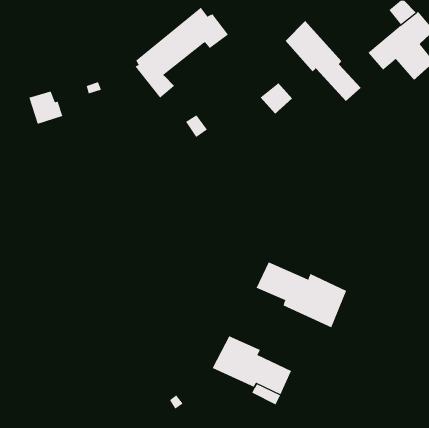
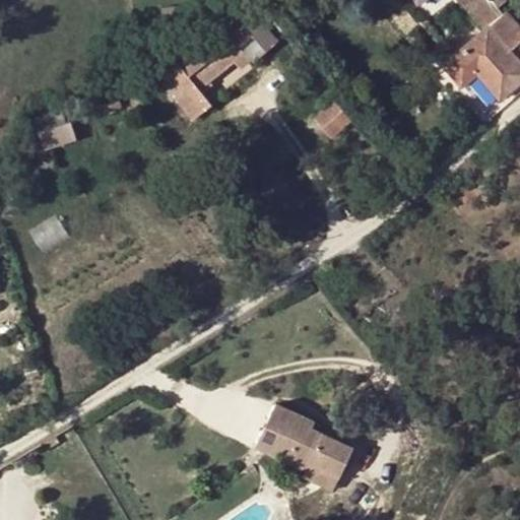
building: [285,20,362,102] -> none
building: [256,261,347,328] -> none

